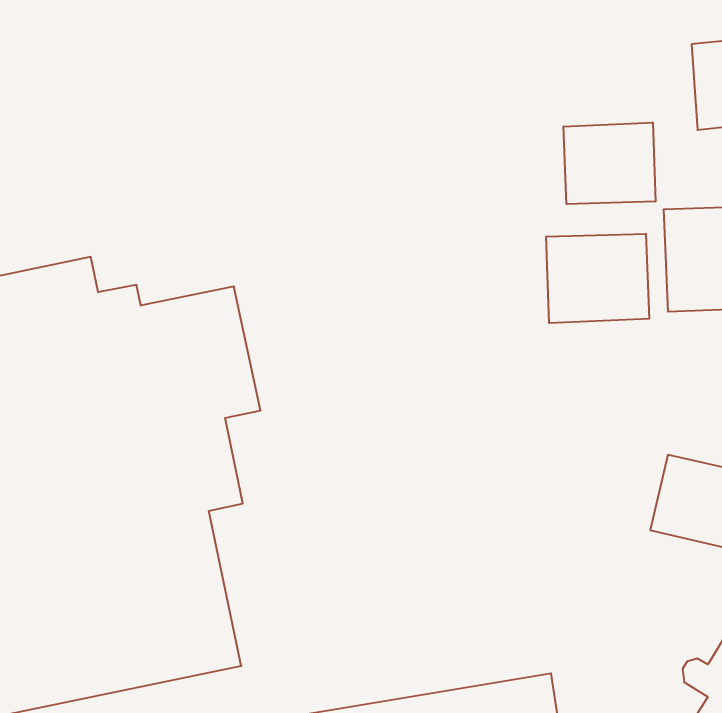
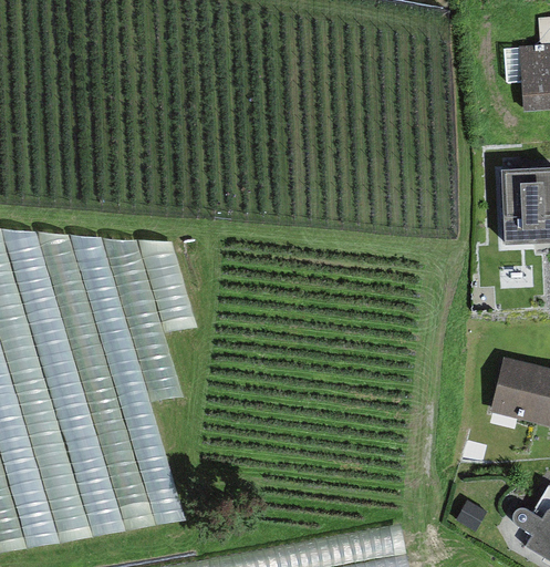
building: [564,122,656,204] -> none
building: [546,234,649,323] -> none

